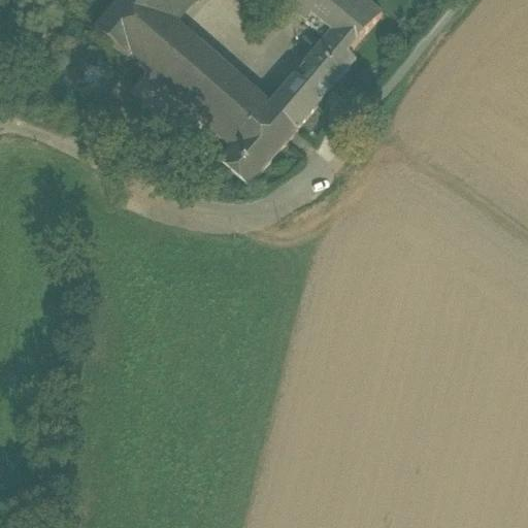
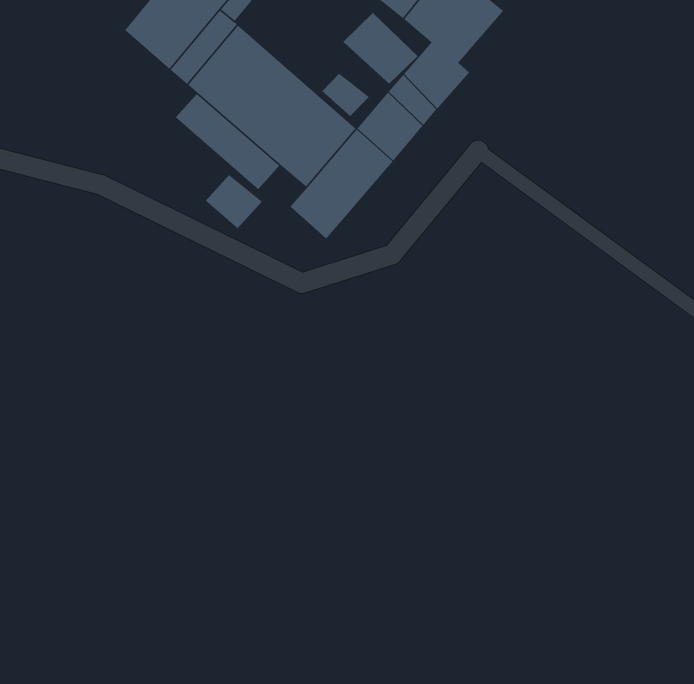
building: none -> [343,12,418,84]
building: none -> [321,73,370,117]
building: none -> [205,174,263,229]

